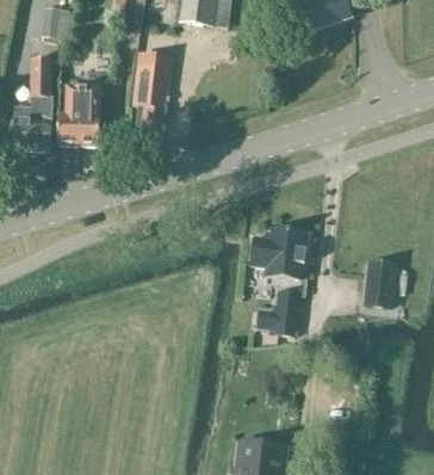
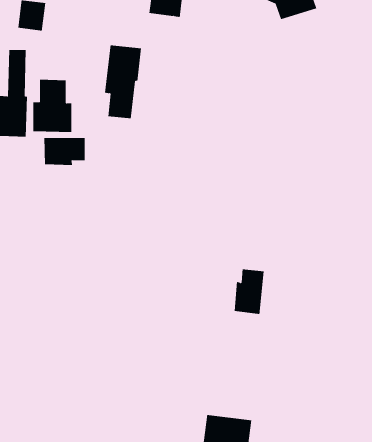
building: none -> [44,137,85,166]
building: [249,224,309,279] -> none
building: [365,261,395,306] -> none

